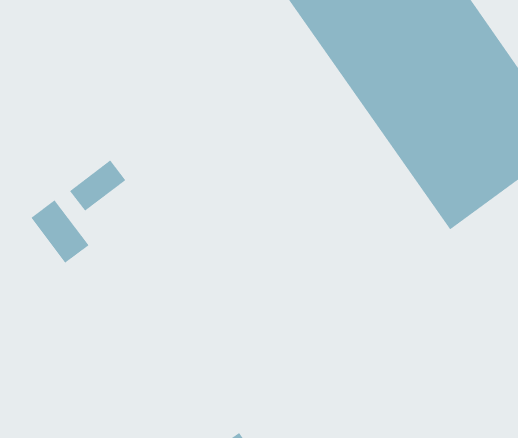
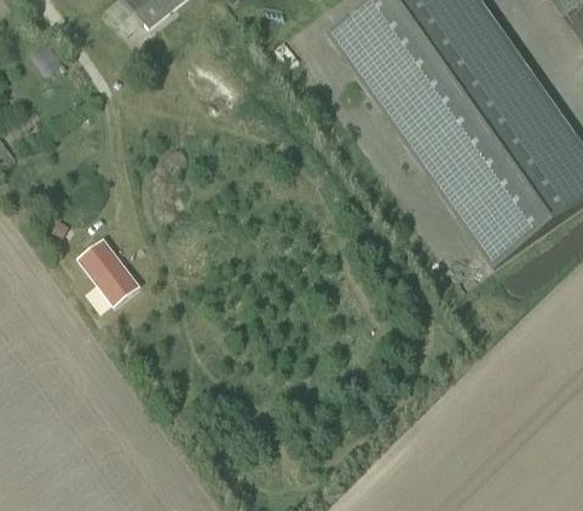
building: [69,160,126,212] -> none

